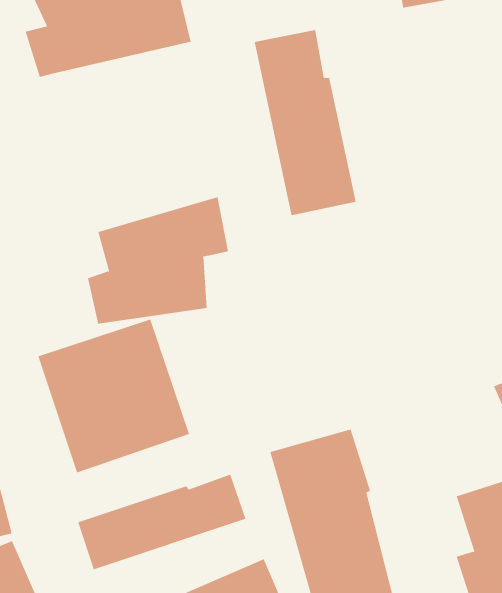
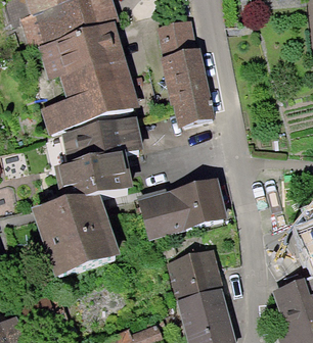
building: none -> [41,35,141,139]
building: none -> [149,185,234,243]
building: [78,474,246,570] -> none

